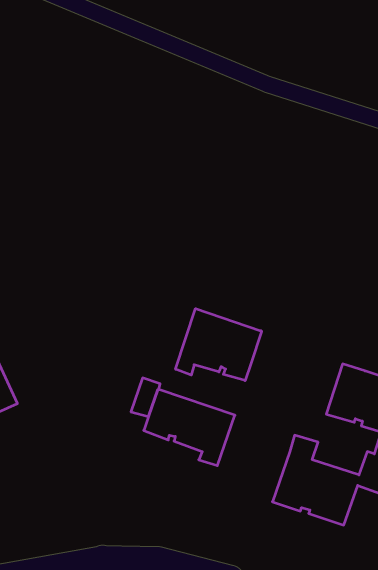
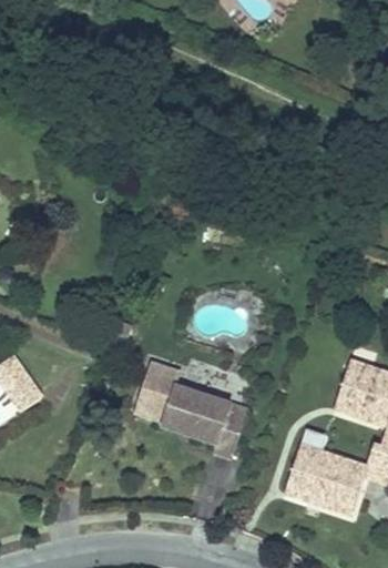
building: [176,309,262,381] -> none

